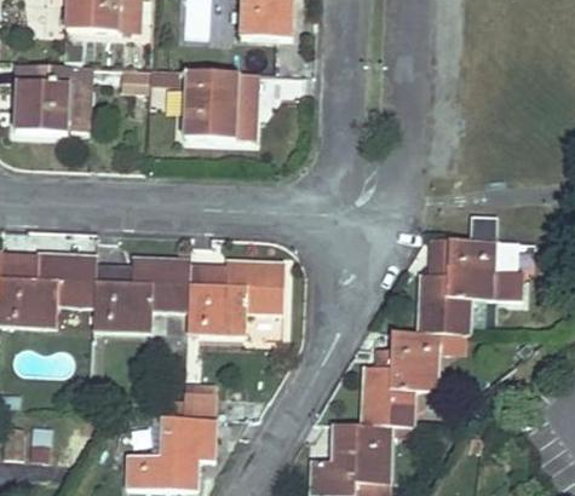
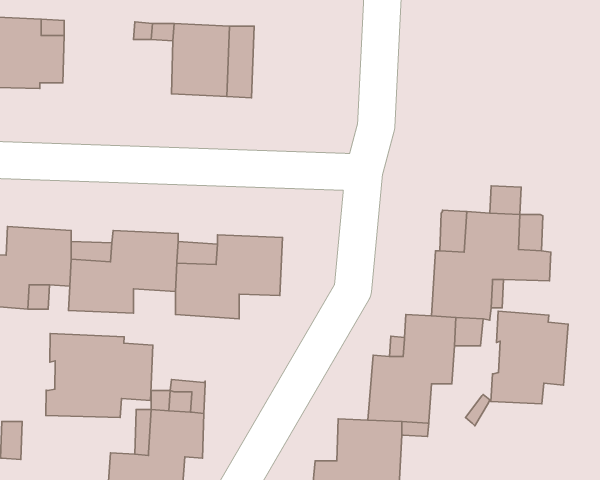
building: none -> [491,311,568,404]
building: none -> [46,334,153,417]

